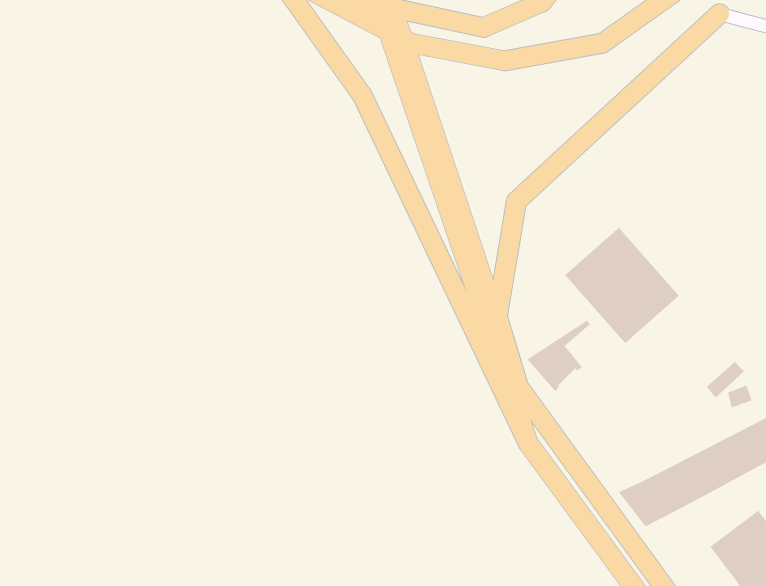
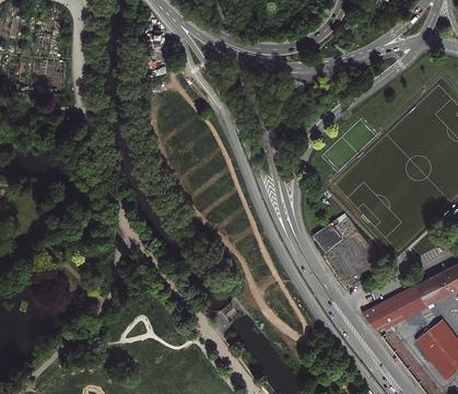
building: [564,227,680,344] -> none

